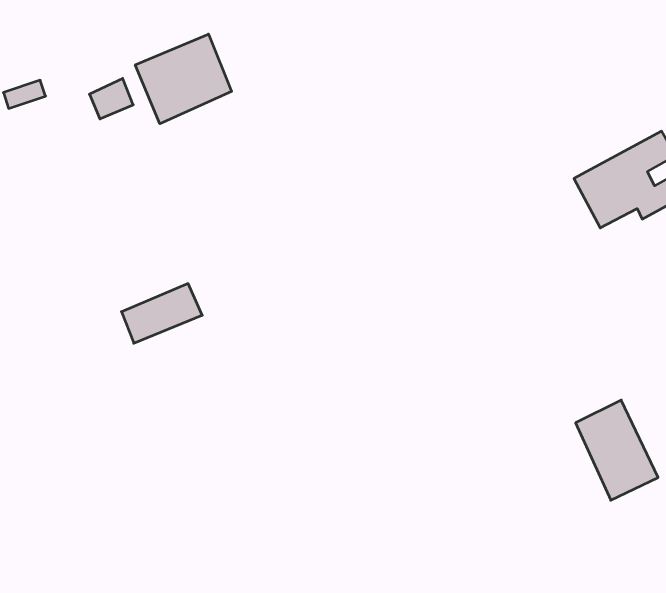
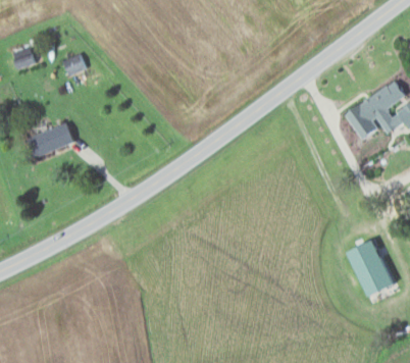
building: [135,34,232,124] -> none
building: [121,284,202,343] -> [32,121,79,156]

